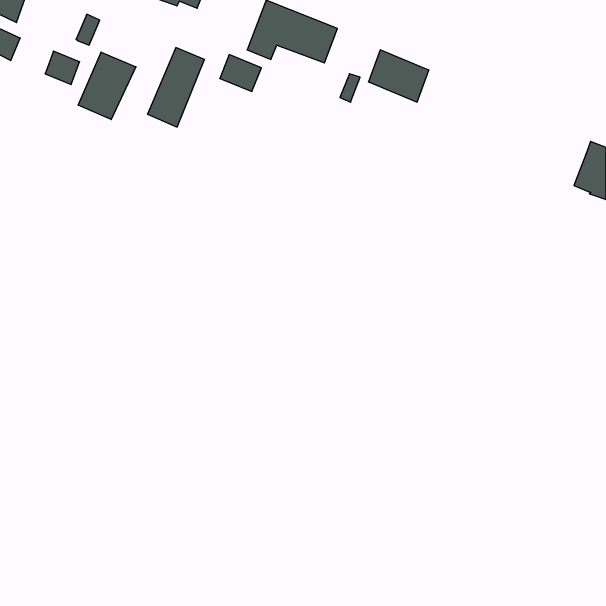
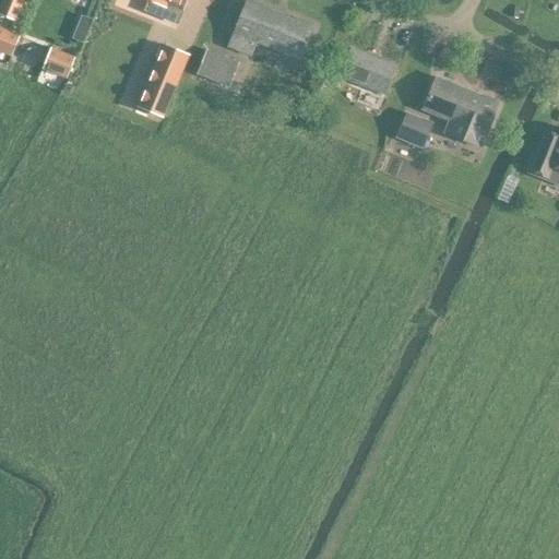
building: [78,52,136,120] -> none
building: none -> [421,75,496,139]
building: none -> [401,114,432,144]

